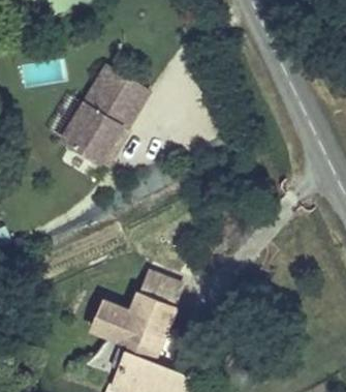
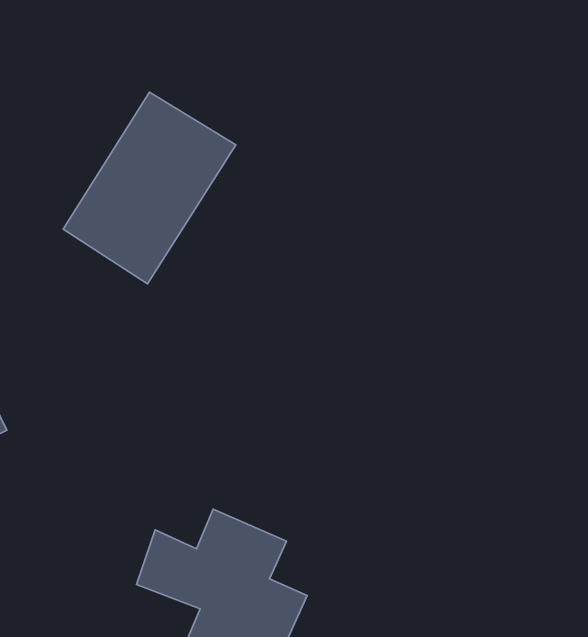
building: [137,270,187,309] -> none

